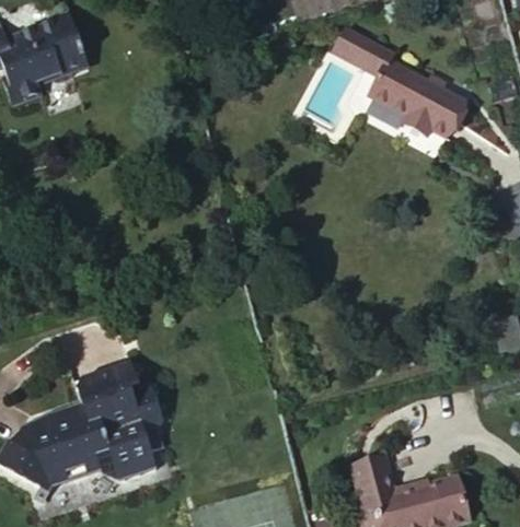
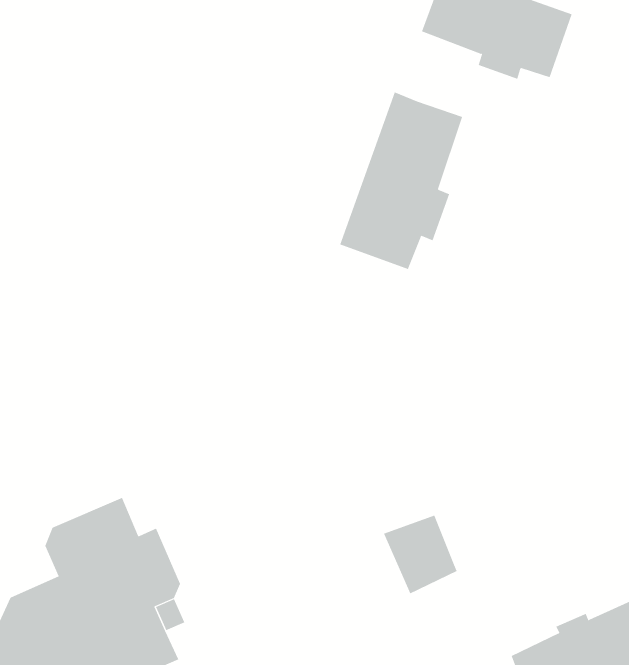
building: none -> [340,92,463,270]
building: [351,454,395,502] -> [383,515,458,594]

